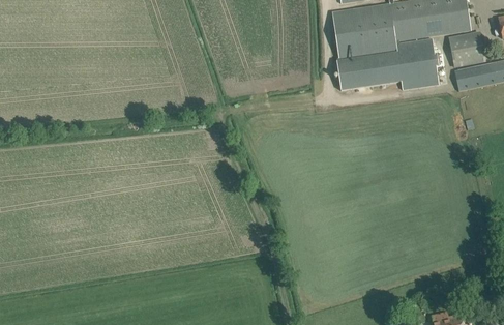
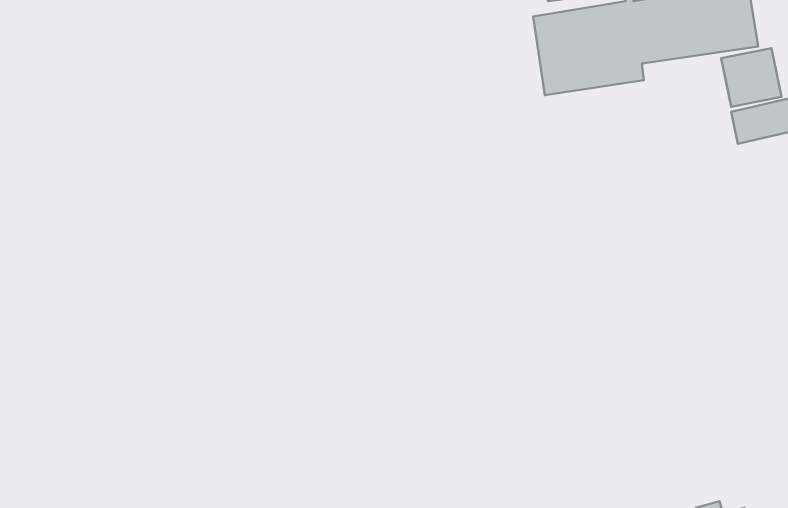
building: [337,37,444,90] -> none

